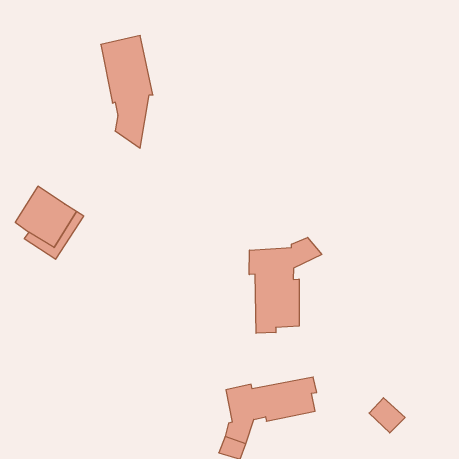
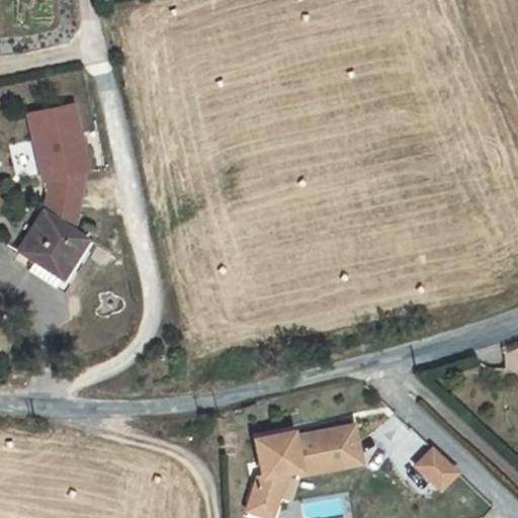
building: [101,36,153,148] -> [29,103,88,230]
building: [249,237,322,333] -> none

